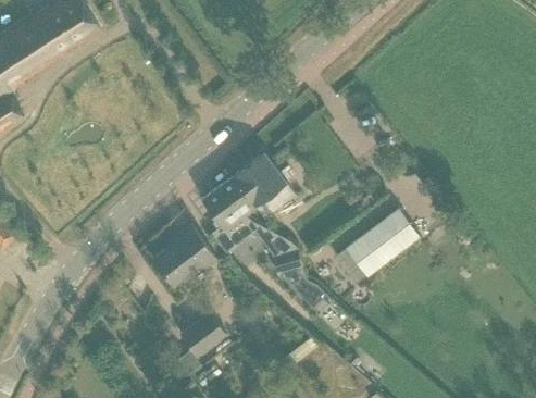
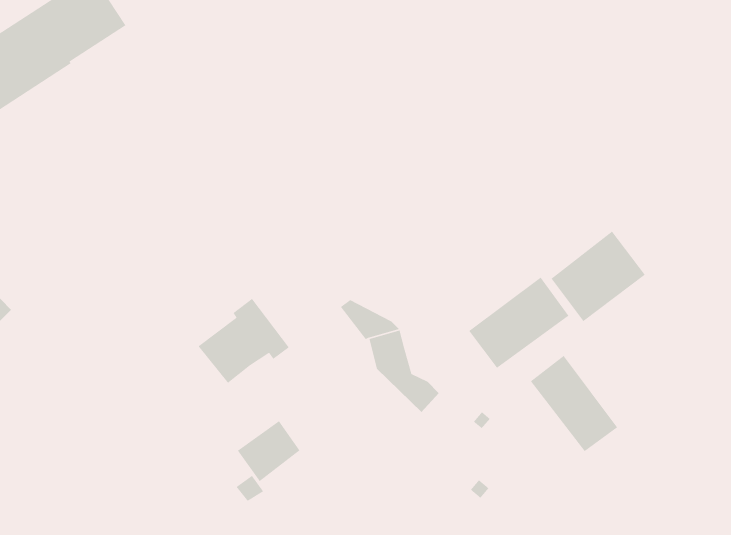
building: [200,154,292,232] -> none
building: none -> [551,231,646,322]
building: none -> [530,355,618,452]

